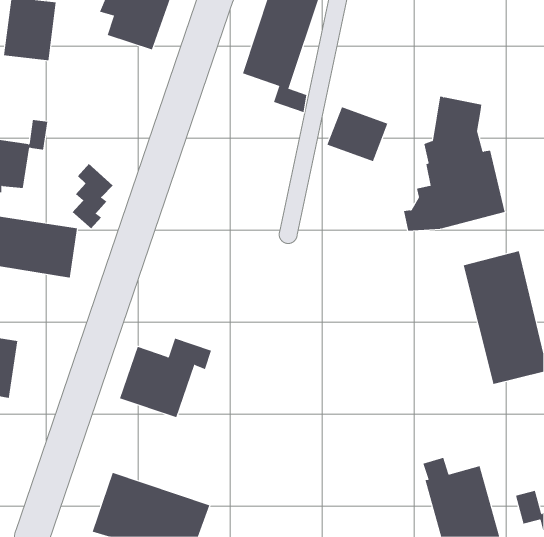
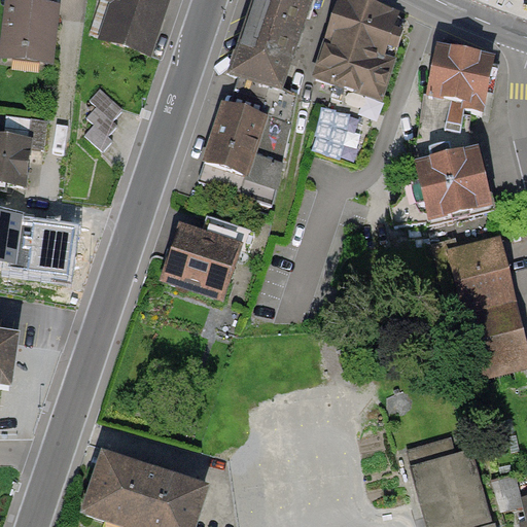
building: none -> [317,5,407,101]
building: none -> [428,47,493,112]
building: none -> [200,99,293,203]
building: [72,163,113,229] -> [83,83,124,147]
building: [119,338,212,418] -> [165,218,254,295]

